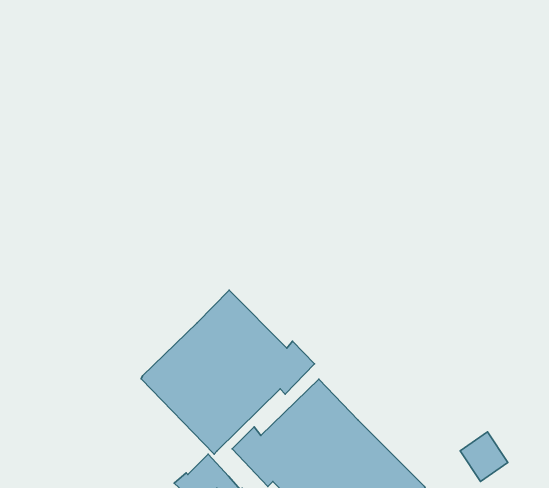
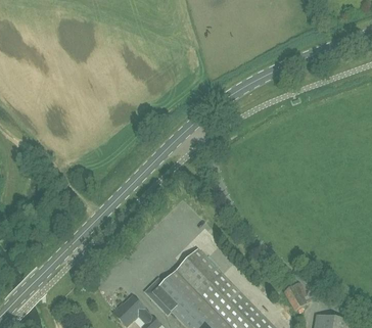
building: [141,290,315,454] -> none

